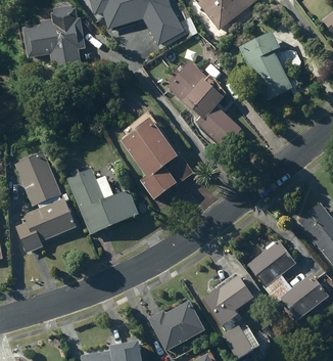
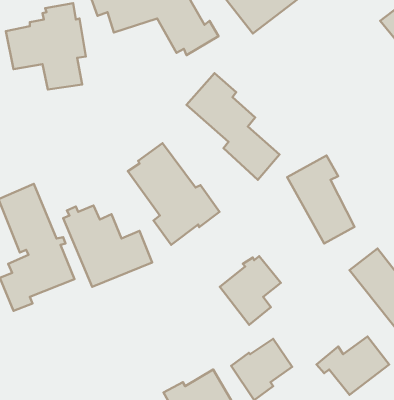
building: [237,30,291,100] -> [287,156,355,243]
building: [247,240,296,296] -> [220,256,281,325]

